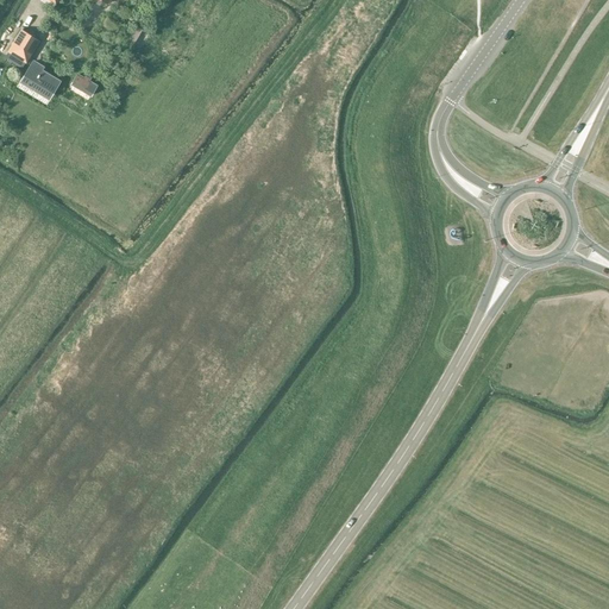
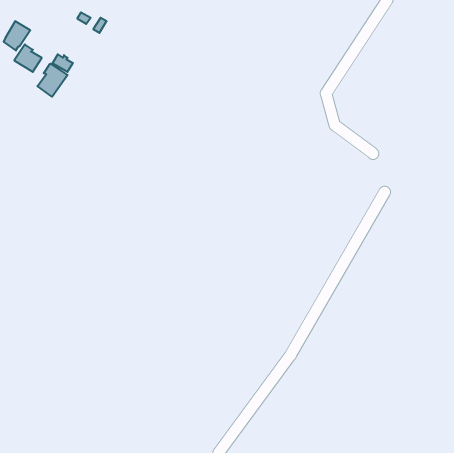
building: none -> [37,64,68,97]

